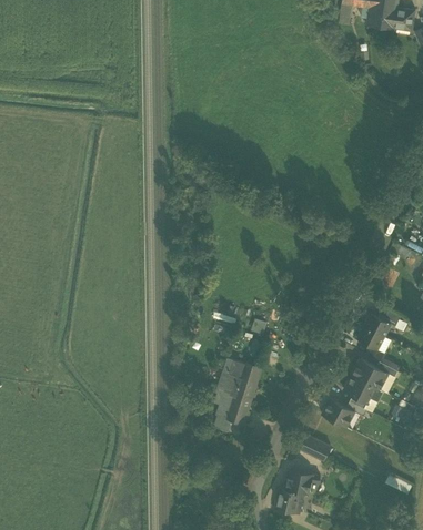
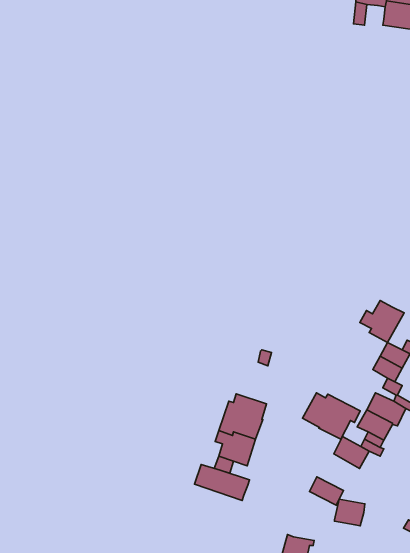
building: none -> [360,300,404,343]
building: none -> [302,393,360,439]
building: none -> [195,464,249,500]
building: [285,469,313,493] -> [334,499,365,526]

